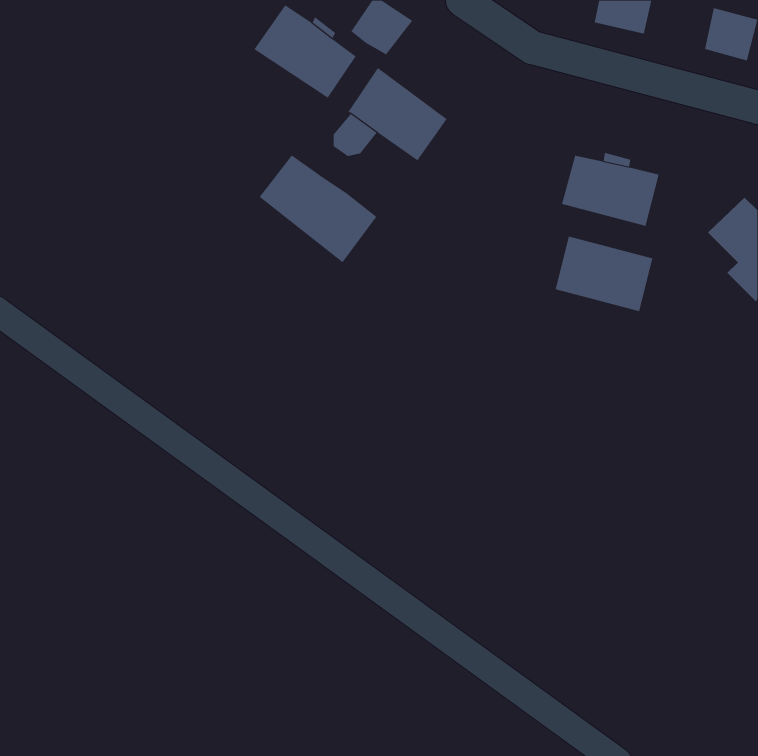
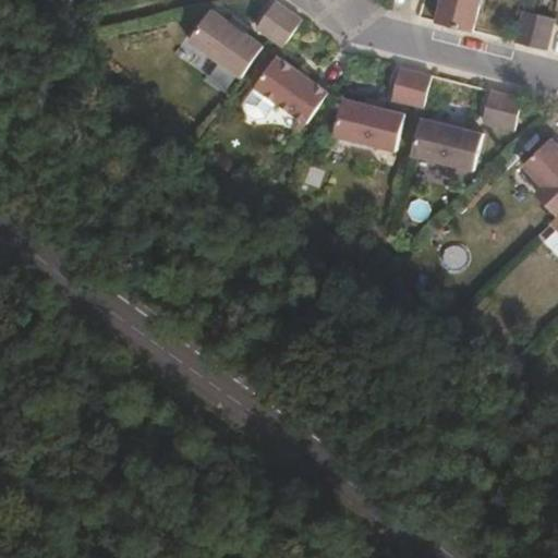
building: none -> [391,66,430,106]
building: none -> [480,88,519,129]
building: [259,155,377,263] -> none
building: [555,236,653,312] -> [331,97,403,153]

